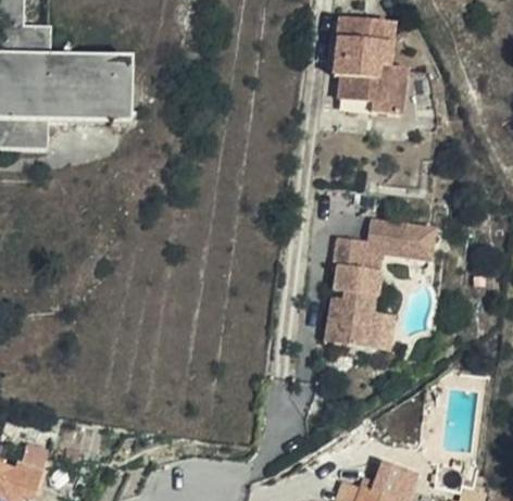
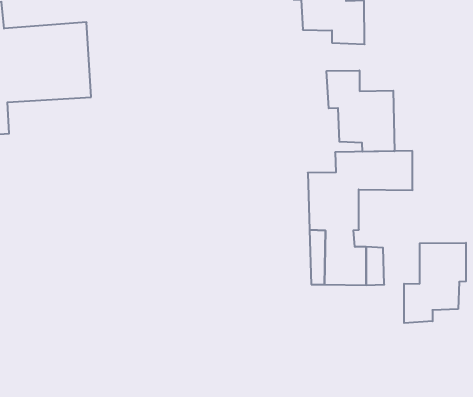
building: none -> [327,70,395,152]
building: none -> [404,243,466,323]

